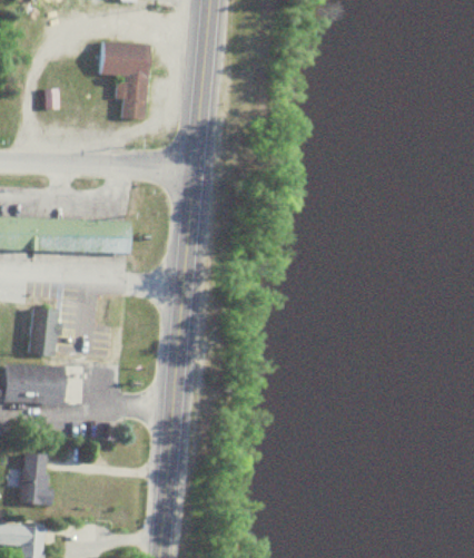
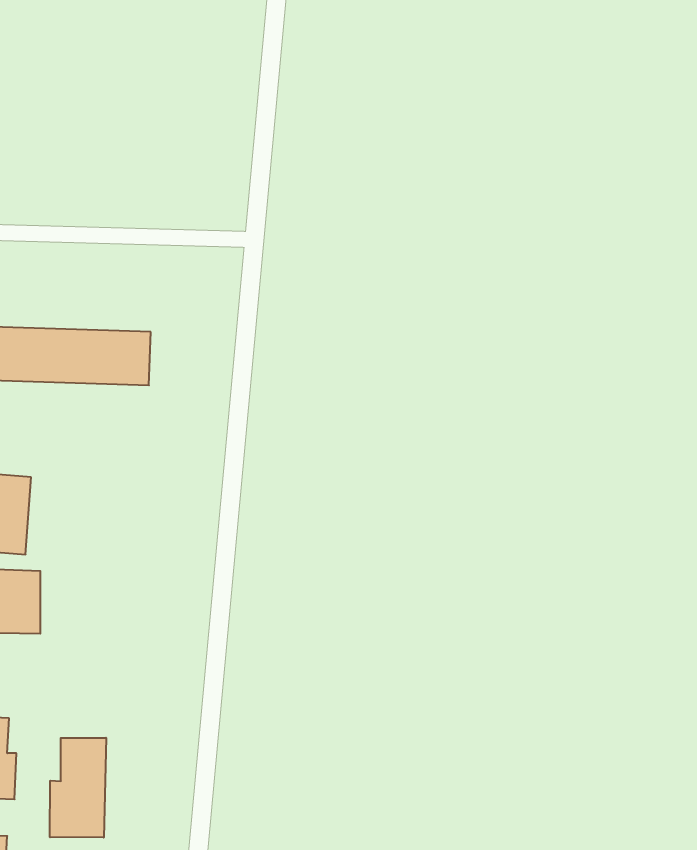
building: [99,41,150,119] -> none
building: none -> [50,738,106,838]

